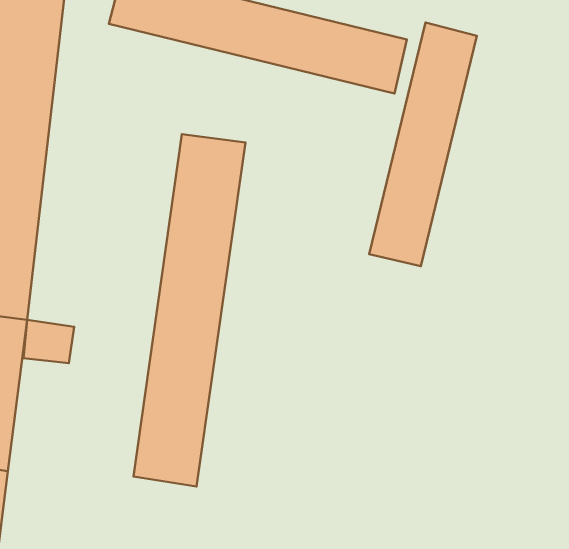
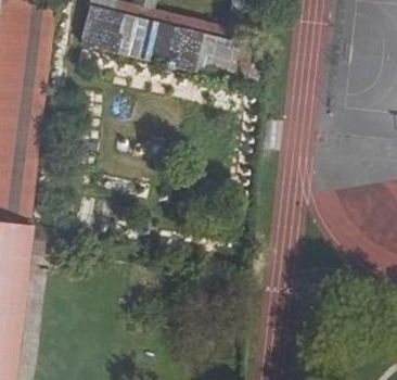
building: [369,22,477,266] -> none
building: [134,134,246,486] -> none

